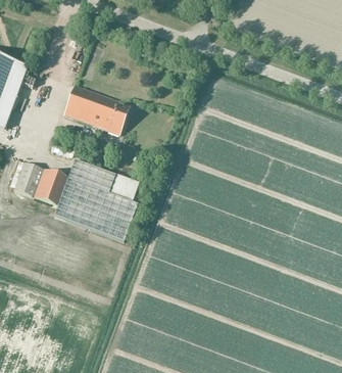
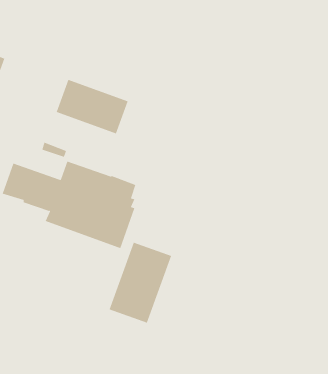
building: none -> [109,242,172,323]

